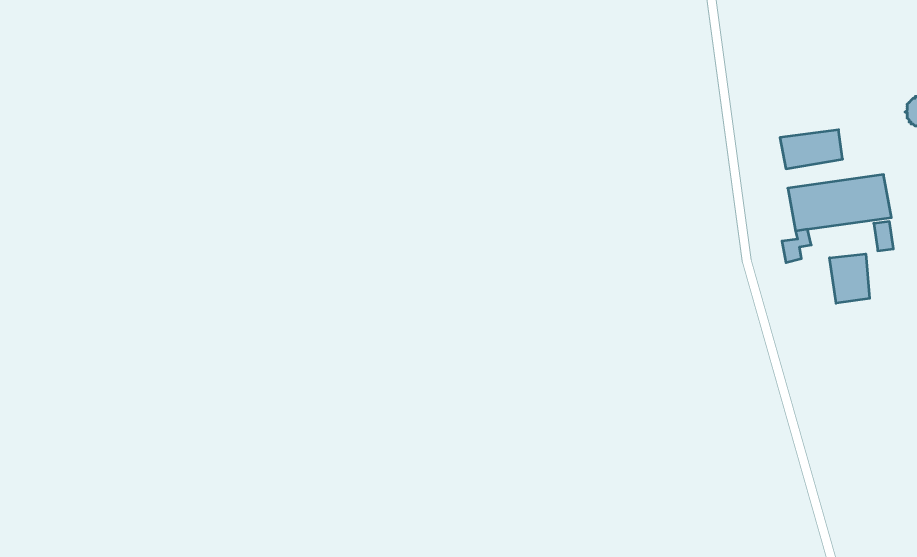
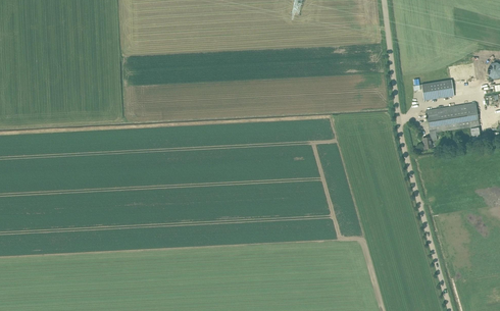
building: [830,254,870,303] -> none

